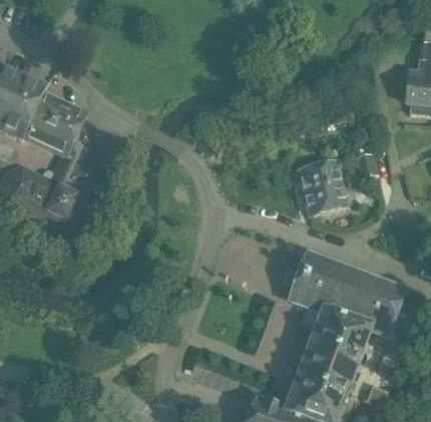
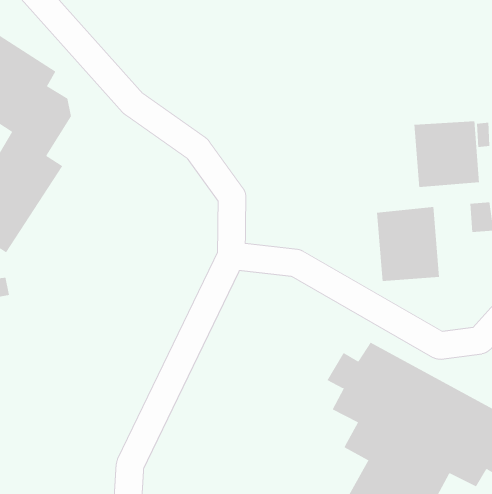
building: none -> [414,120,479,188]

